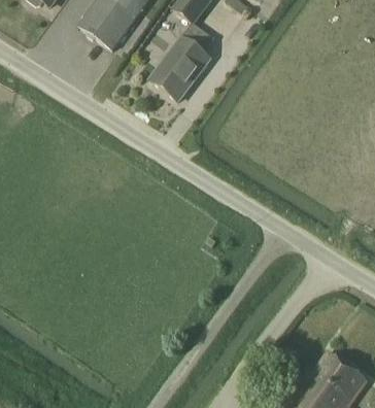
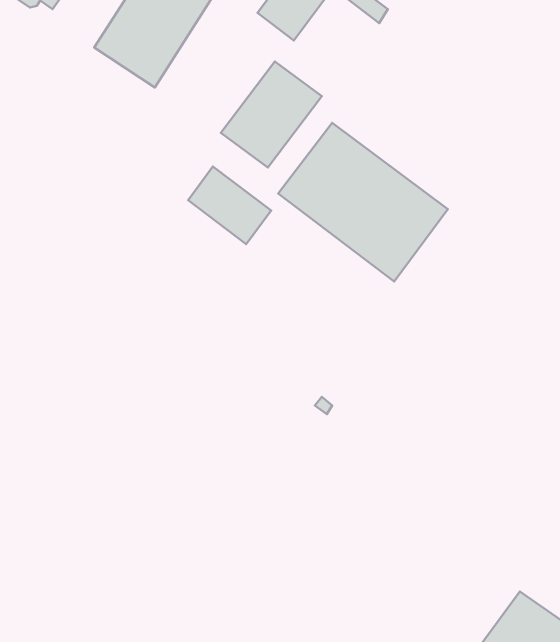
building: none -> [278,123,448,281]
building: none -> [188,166,271,244]

